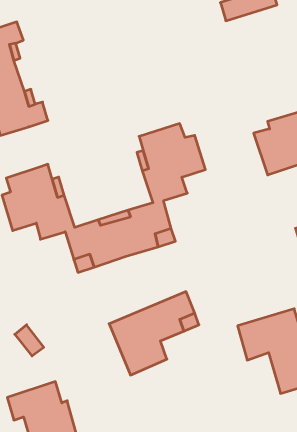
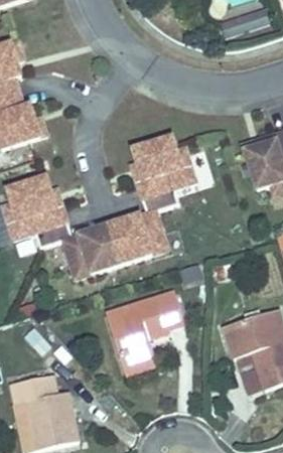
building: none -> [235,350,266,395]

